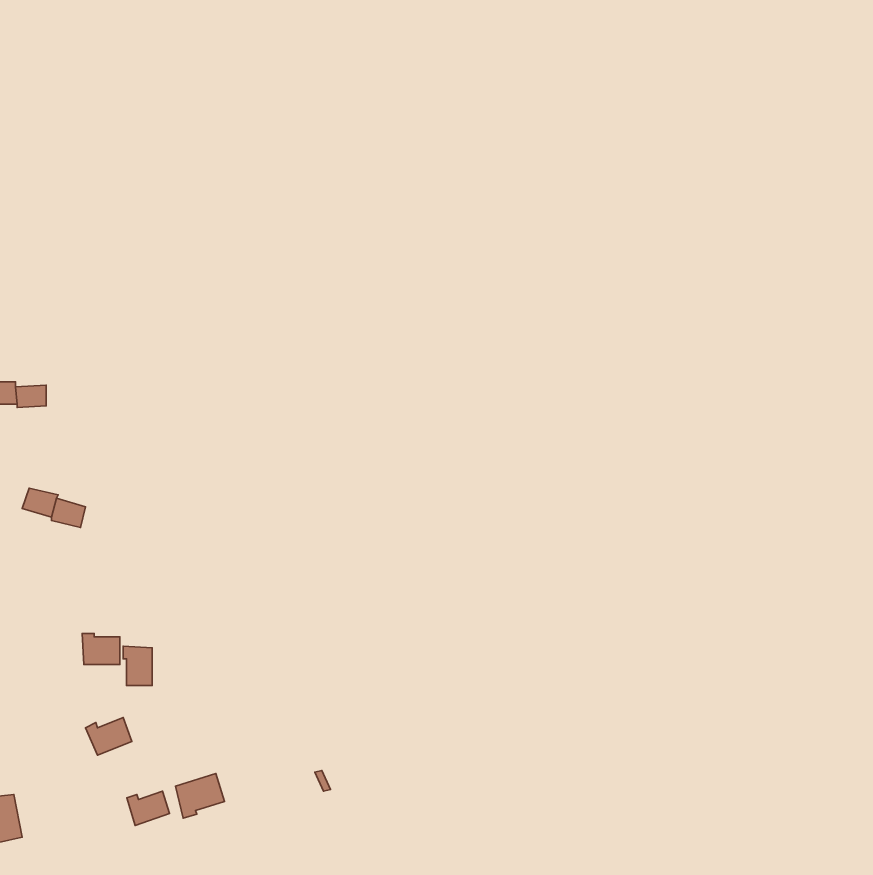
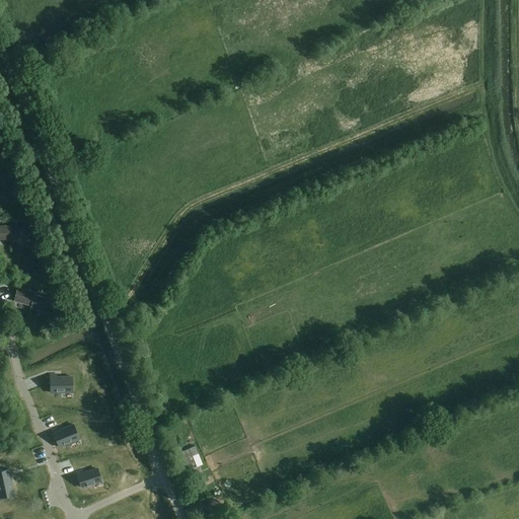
building: [123,646,152,686] -> none
building: [175,774,225,818] -> none

